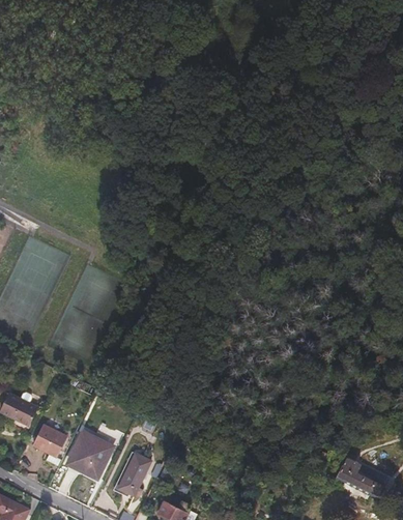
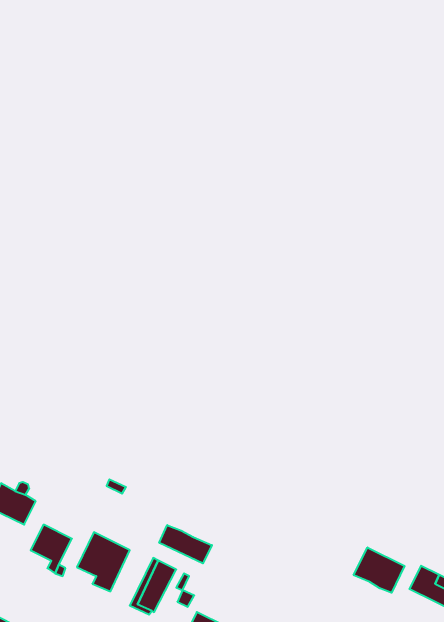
building: none -> [159,525,212,563]
building: none -> [354,547,405,593]

